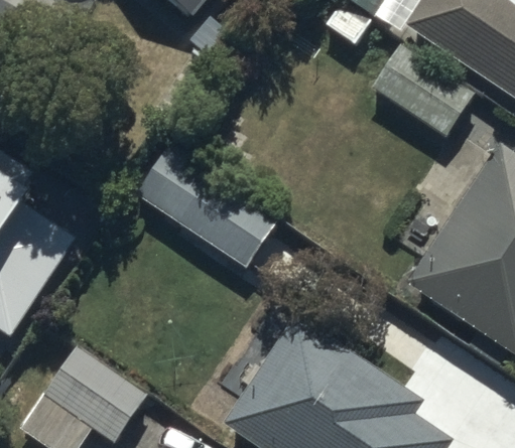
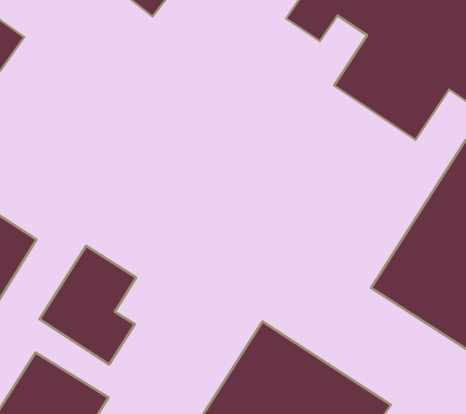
building: [139,144,280,270] -> none
building: none -> [40,246,136,365]

